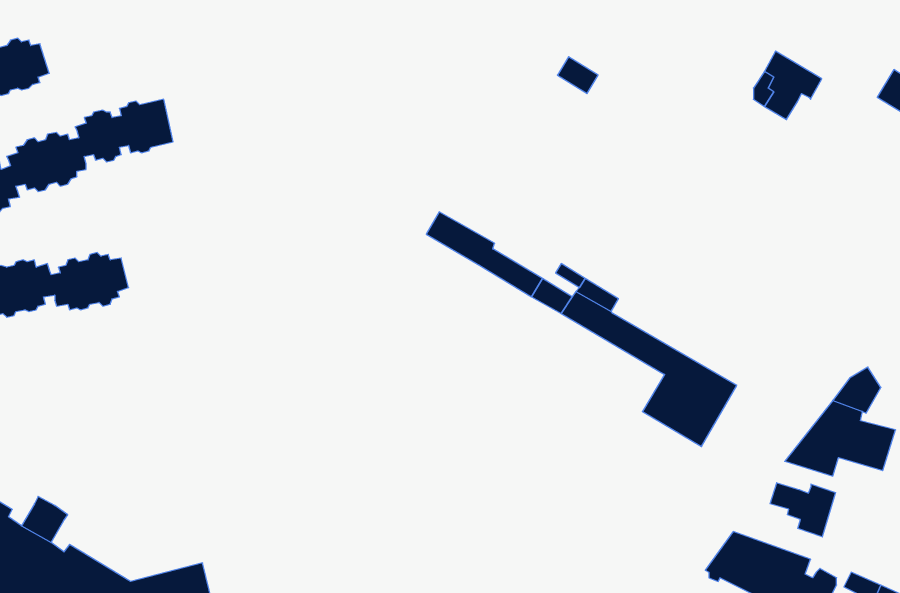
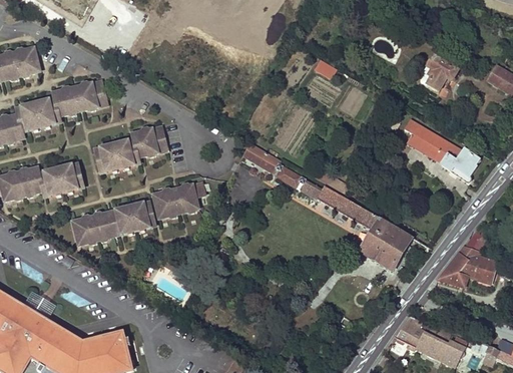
building: none -> [405,119,479,180]
building: none -> [95,126,166,171]
building: none -> [154,182,204,217]
building: none -> [73,203,154,244]
building: [770,483,836,537] -> none

